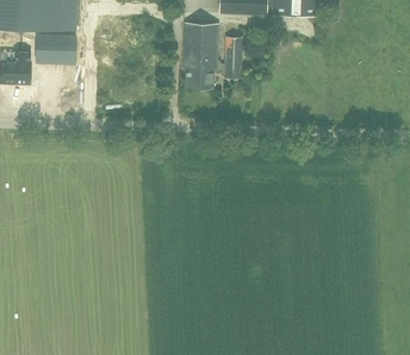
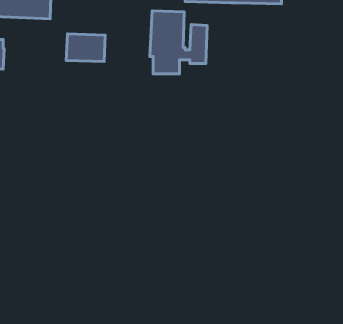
building: [35,36,75,64] -> [66,34,105,61]

